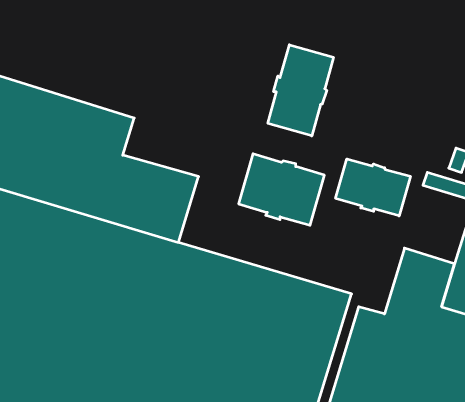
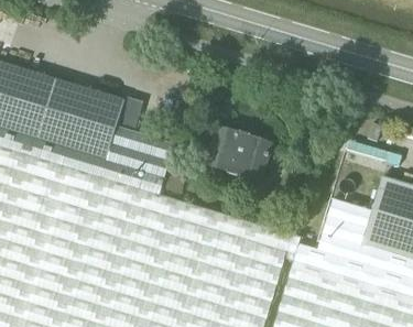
building: [268,45,333,136] -> none
building: [336,159,410,216] -> none

